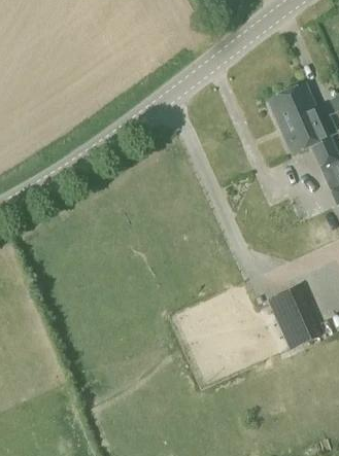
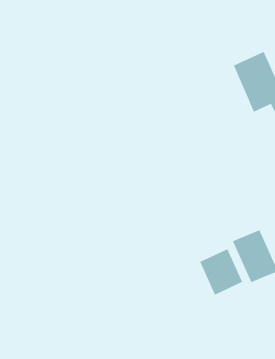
building: none -> [199,248,243,296]

